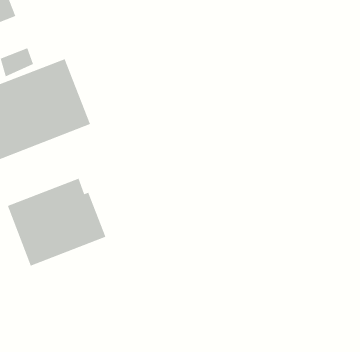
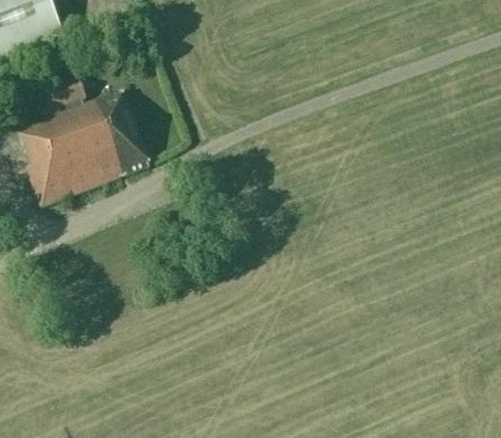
building: [7,178,106,267] -> none

